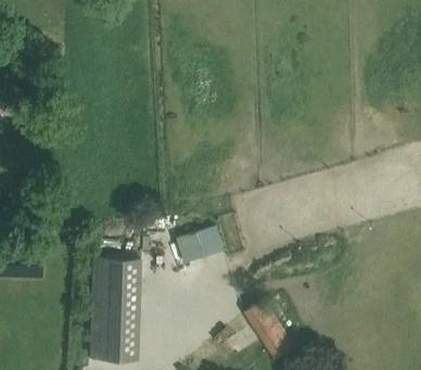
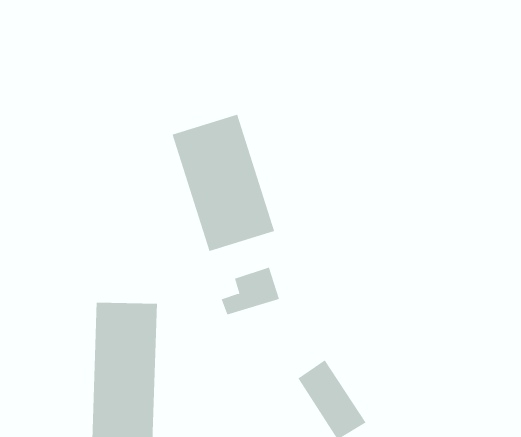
building: none -> [172,114,275,252]

